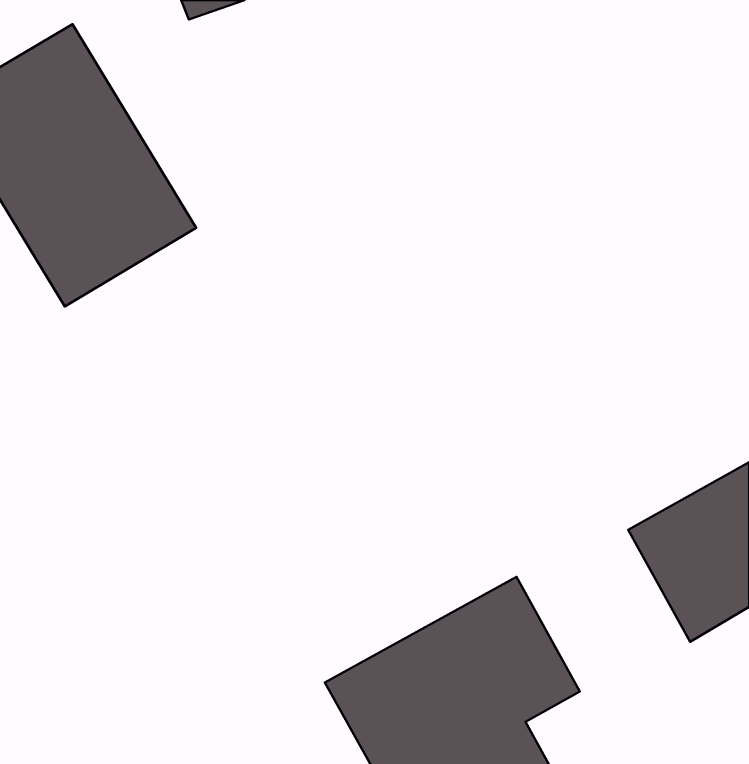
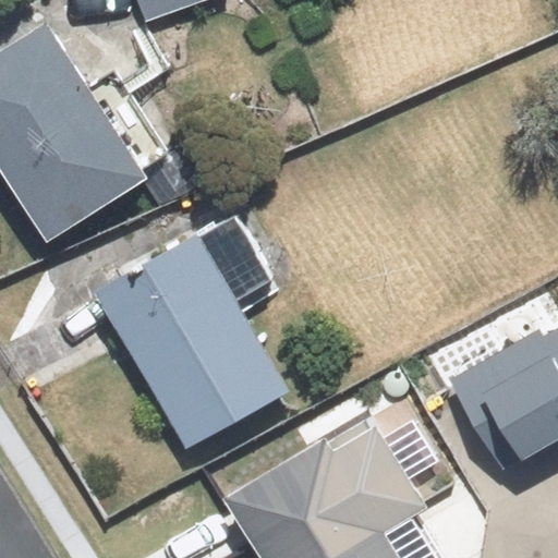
building: none -> [106,241,274,434]

